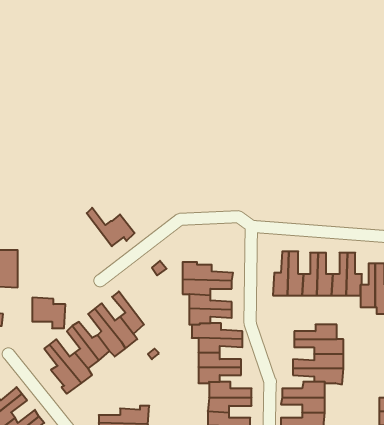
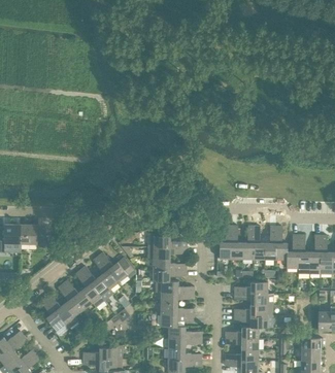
building: [87,208,135,246] -> [98,251,135,281]
building: [32,298,65,328] -> [20,224,45,247]

